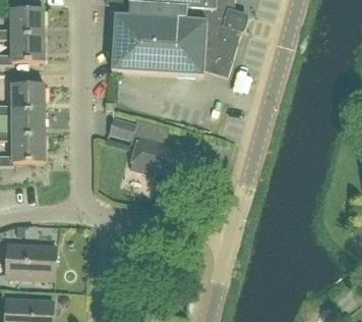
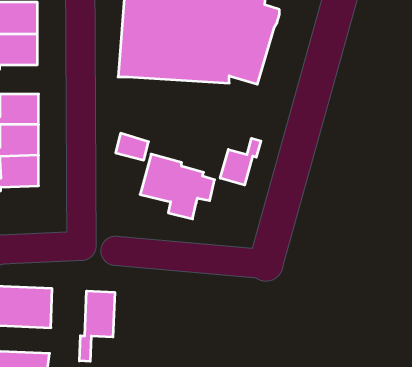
building: none -> [220,138,261,185]
building: none -> [79,291,115,361]

